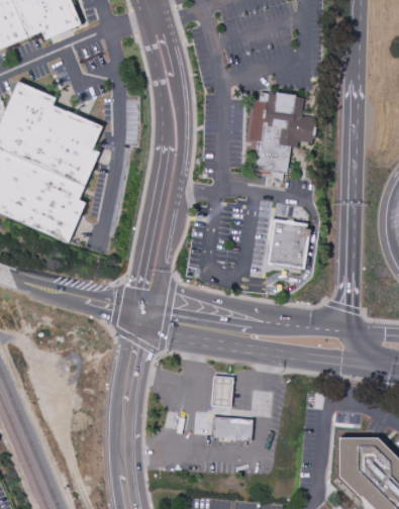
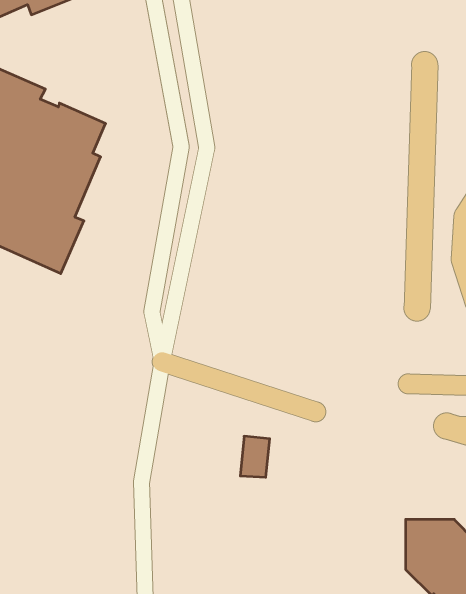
building: [245,91,315,183] -> none
building: [267,219,312,270] -> none
building: [210,416,253,440] -> none

